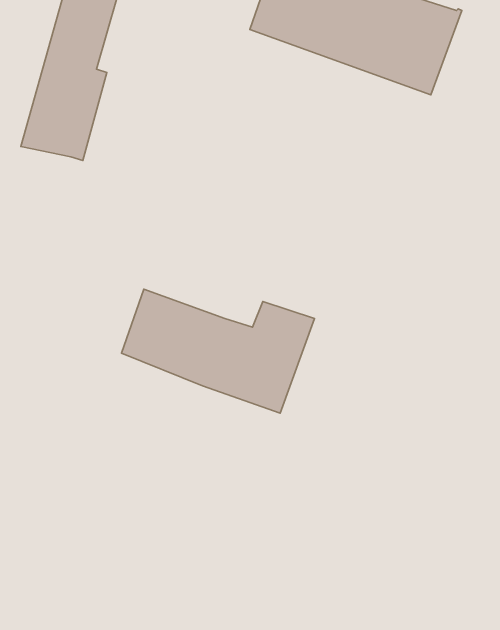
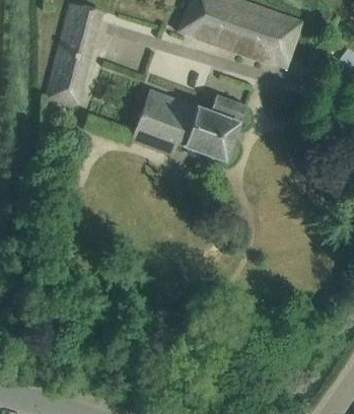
building: [122,289,314,413] -> [133,89,246,162]

